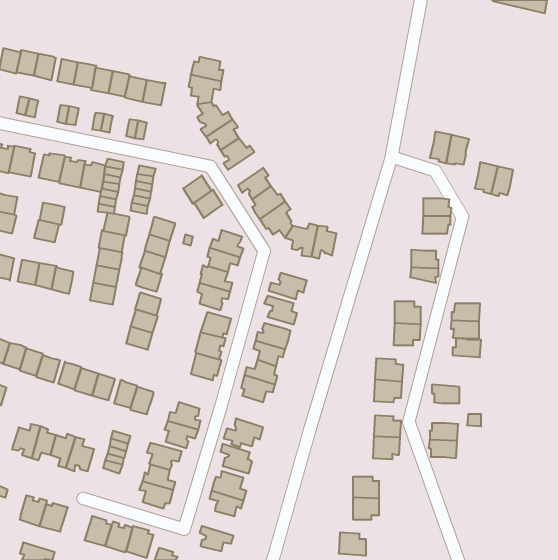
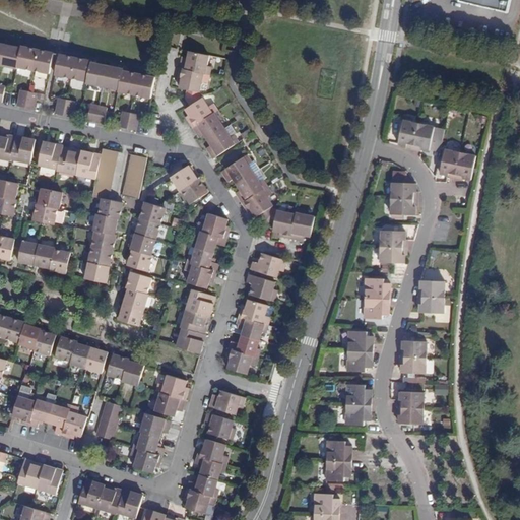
building: [453,339,481,357] -> [400,341,427,359]
building: none -> [187,473,218,497]

